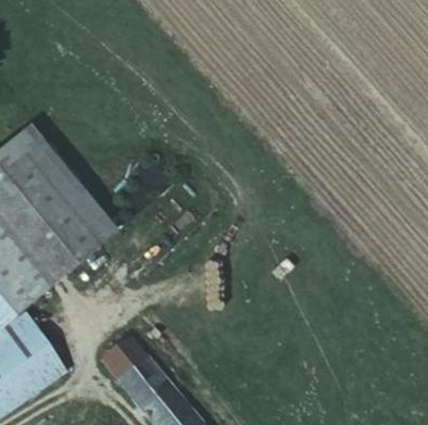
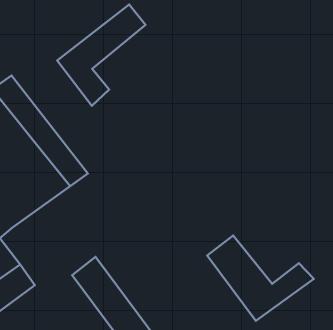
building: none -> [57,4,145,106]
building: none -> [207,236,314,321]

